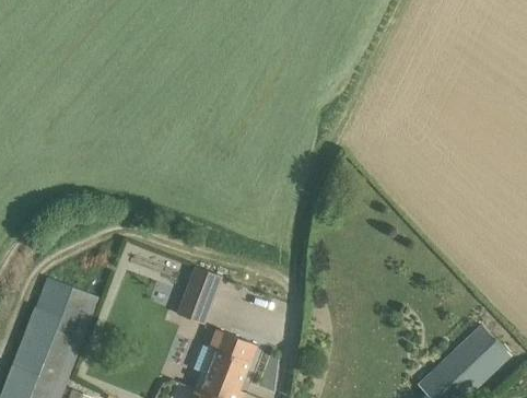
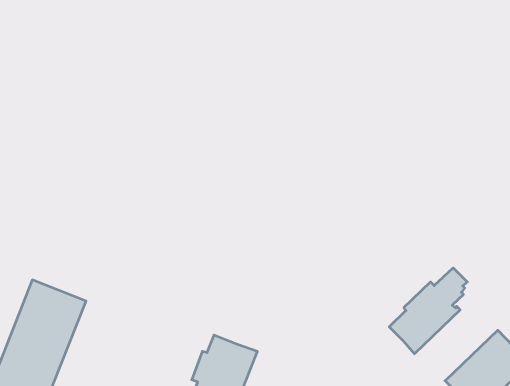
building: [175,268,222,326] -> none
building: none -> [389,268,467,354]

